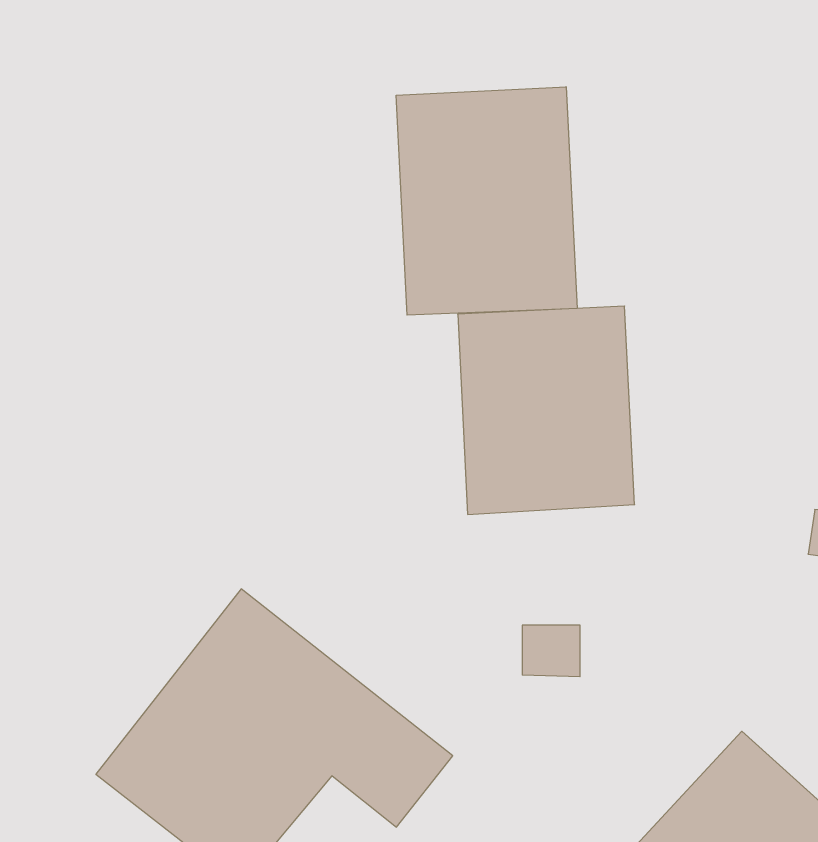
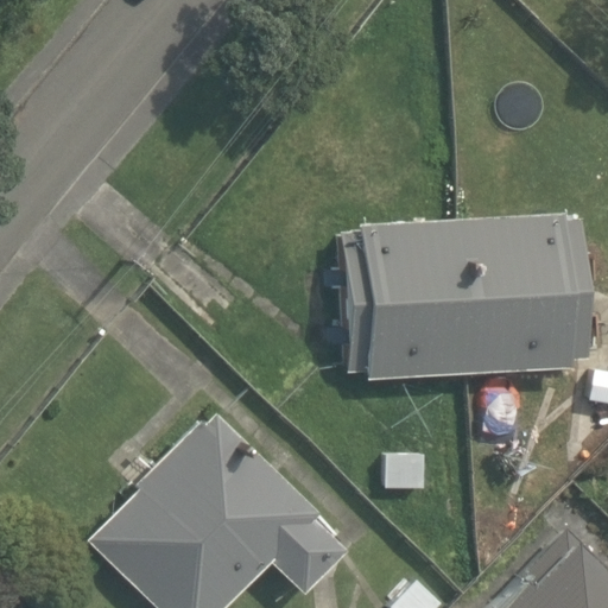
building: [396,87,577,315] -> none
building: none -> [468,215,594,365]

